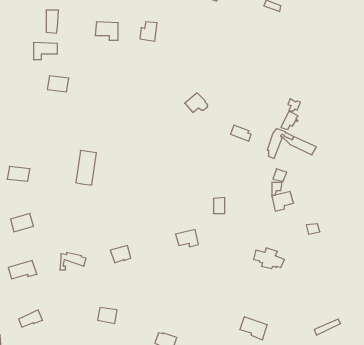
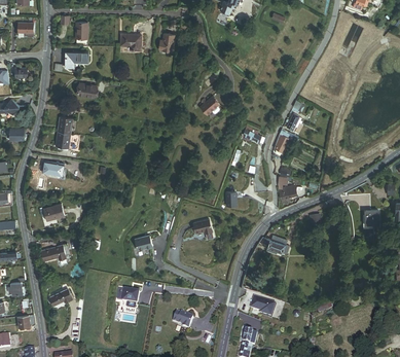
building: [76,150,96,185] -> [53,117,72,148]

